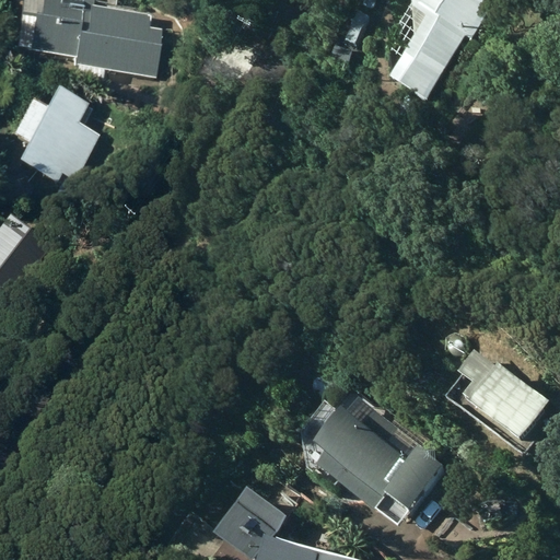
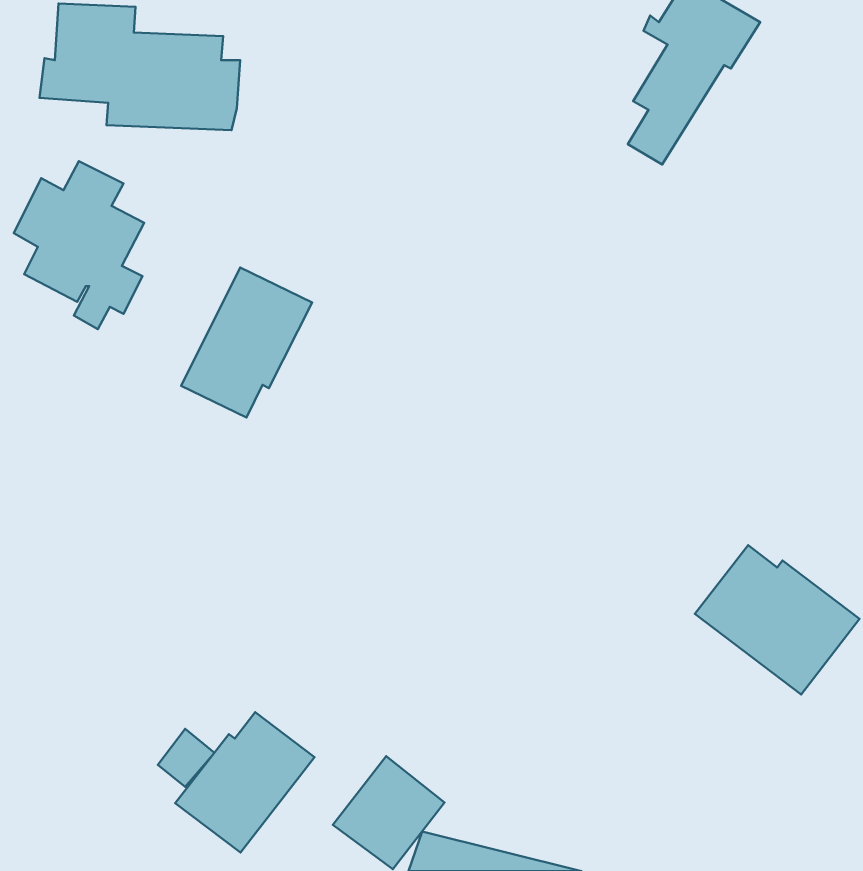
building: none -> [181,267,312,417]
building: [315,395,441,520] -> none
building: none -> [175,712,314,853]

